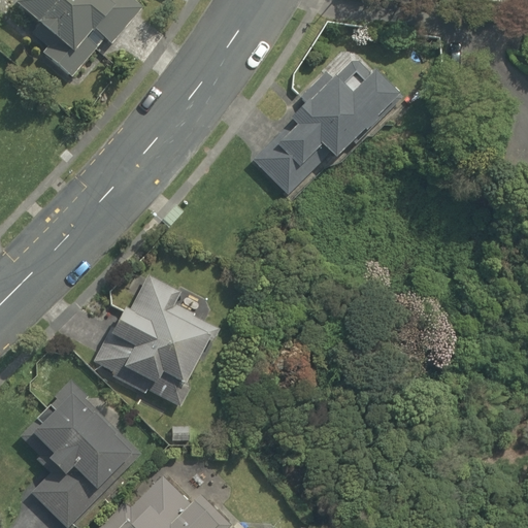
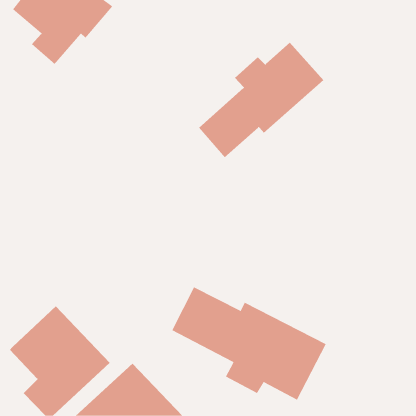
building: [95,271,218,409] -> none
building: none -> [172,286,327,400]

